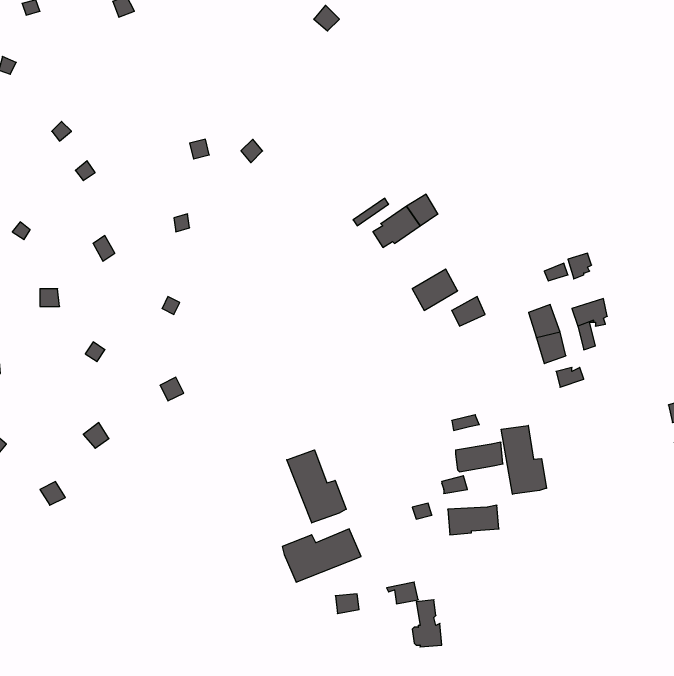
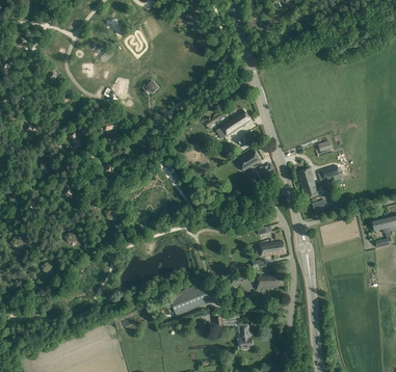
building: [501,425,547,494] -> none
building: [287,450,346,523] -> none

